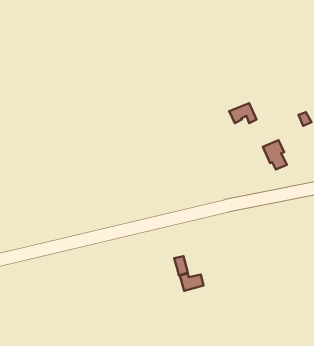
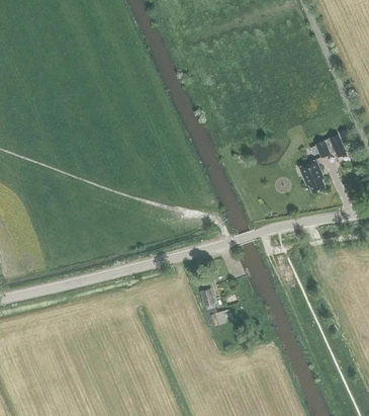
building: [229,103,257,123] -> [313,135,344,157]

